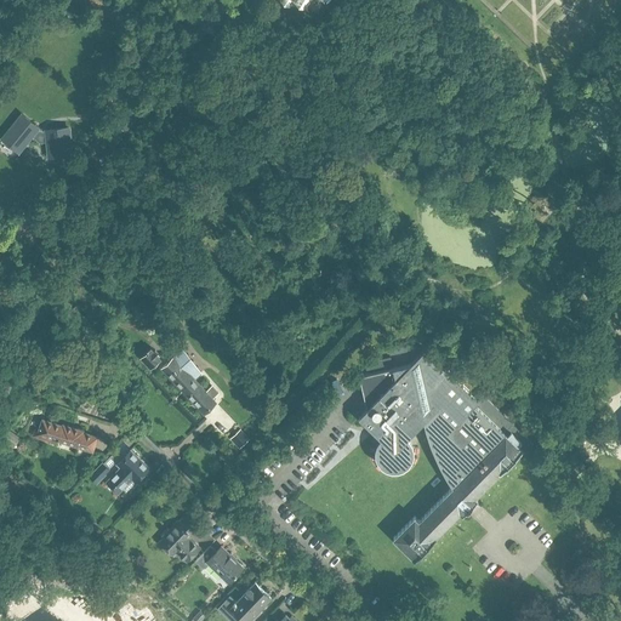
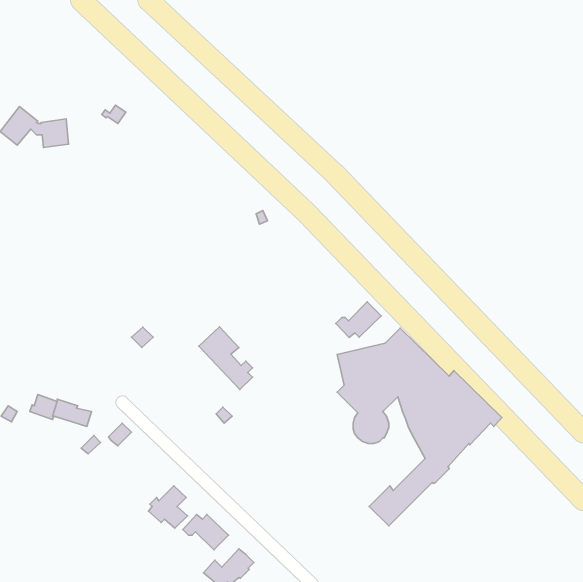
building: none -> [336,302,381,337]
building: [160,351,217,417] -> [199,327,253,390]
building: [104,461,149,496] -> none

